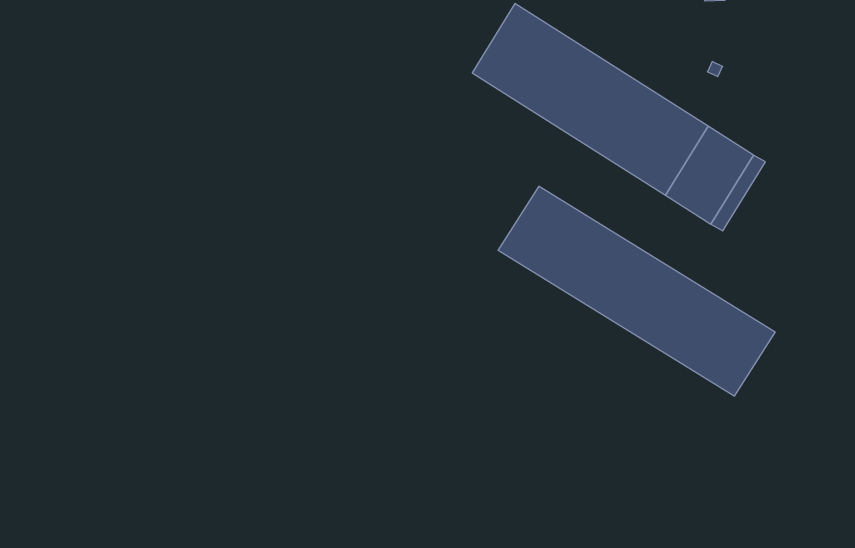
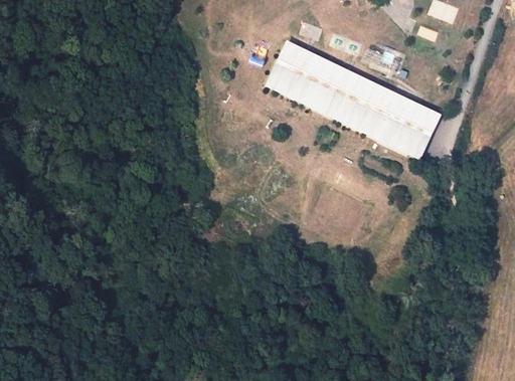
building: [498,186,775,396] -> none

